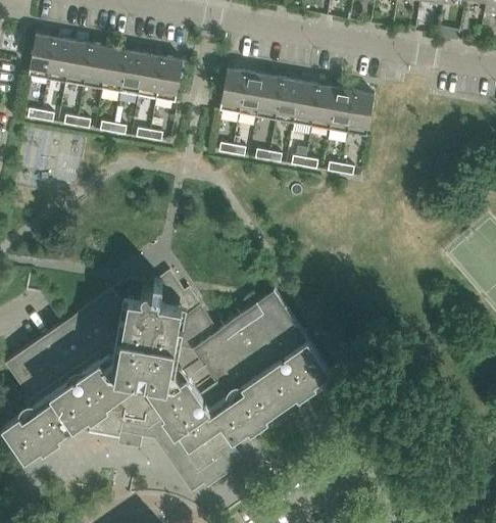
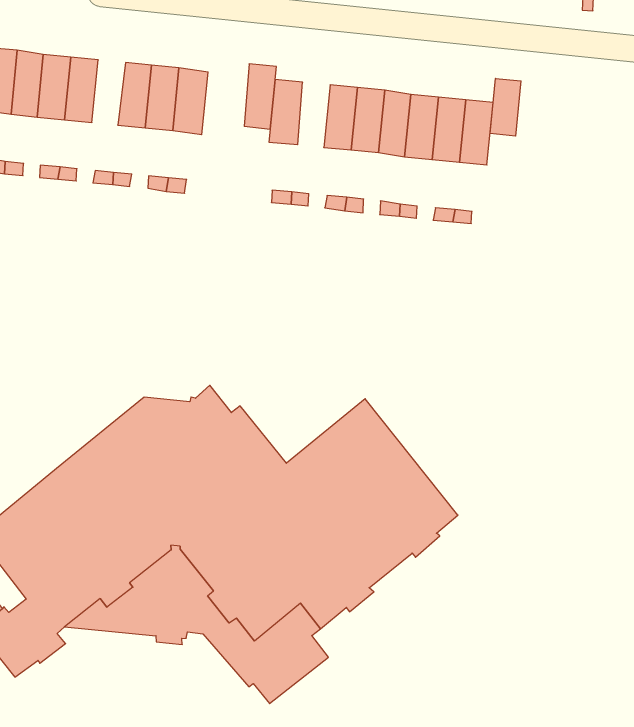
building: [103,47,129,92] -> none
building: [241,72,265,116] -> [244,64,276,129]
building: none -> [490,78,521,136]

